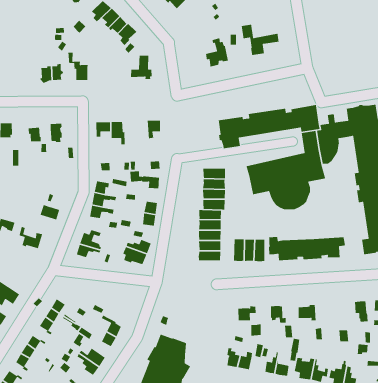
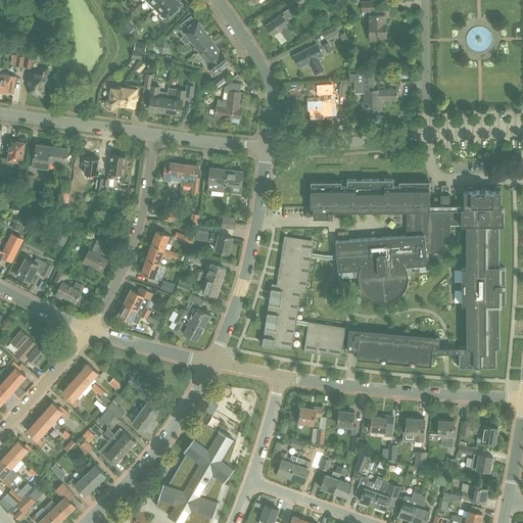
building: none -> [292,44,323,75]
building: none -> [163,86,193,114]
building: none -> [206,169,226,192]
building: none -> [402,418,423,442]

